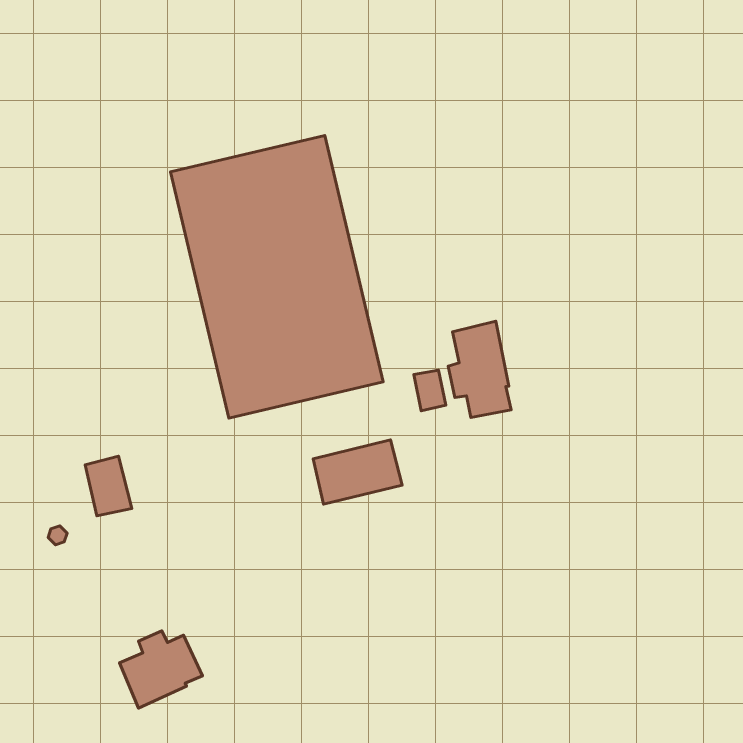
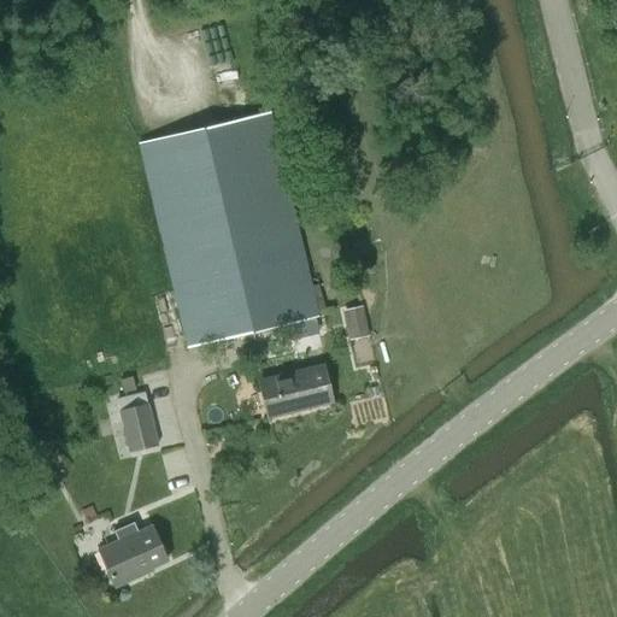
building: [448,321,511,417] -> none
building: [85,456,132,516] -> [121,402,159,452]

